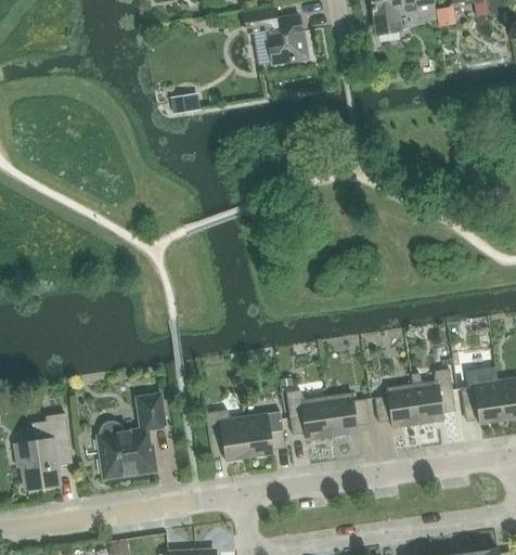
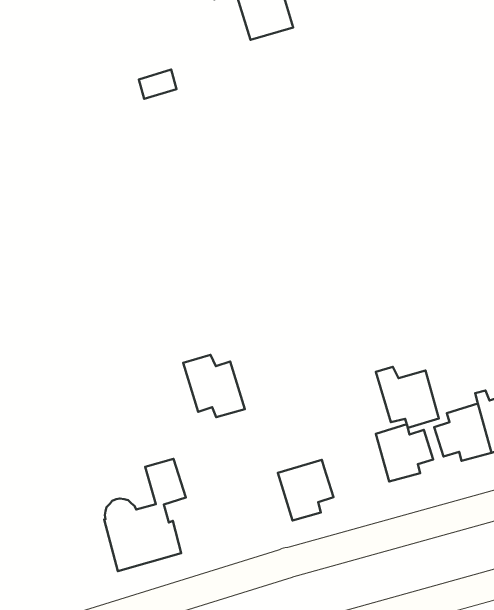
building: [287,390,333,441] -> [376,367,439,428]
building: [206,410,250,461] -> [183,355,245,417]
building: [16,413,72,490] -> none

